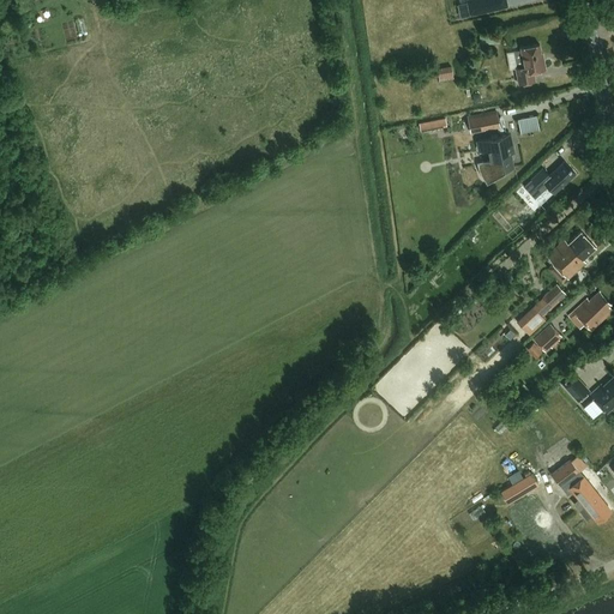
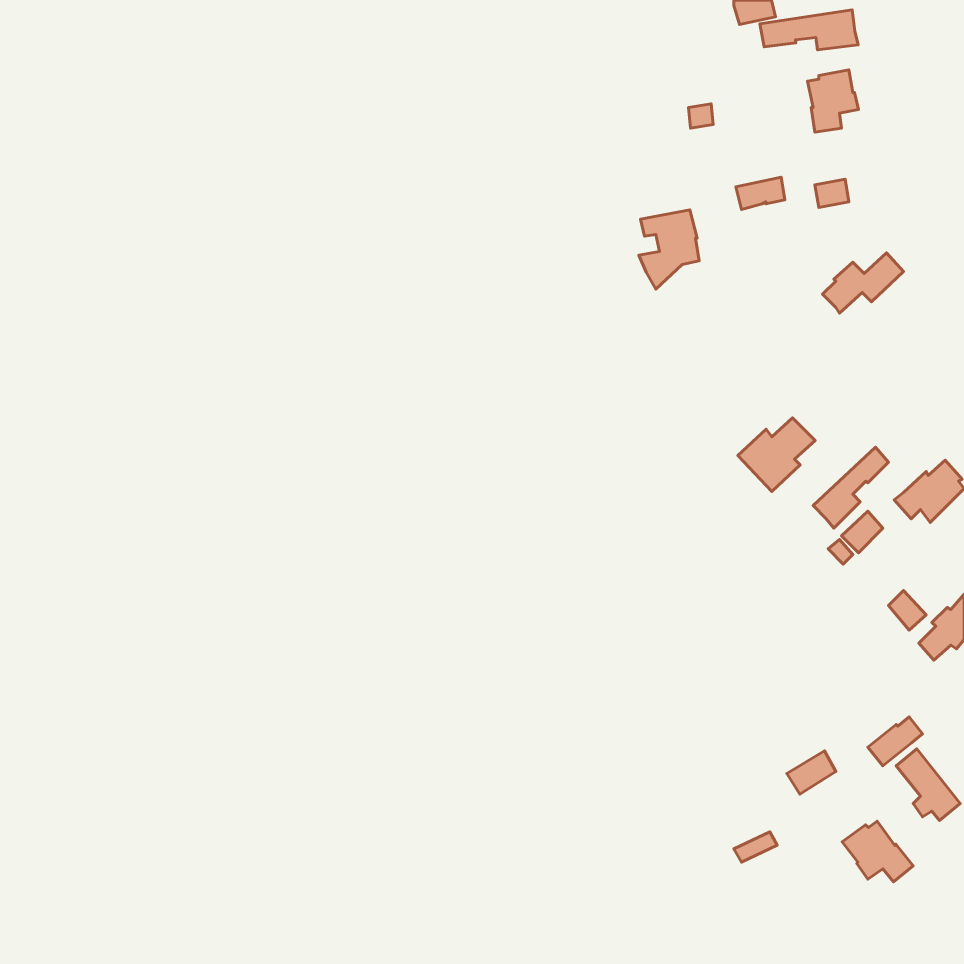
building: none -> [760,10,858,50]
building: [476,133,514,183] -> [639,210,699,289]
building: [547,233,596,279] -> [738,418,815,491]
building: none -> [842,821,913,882]

